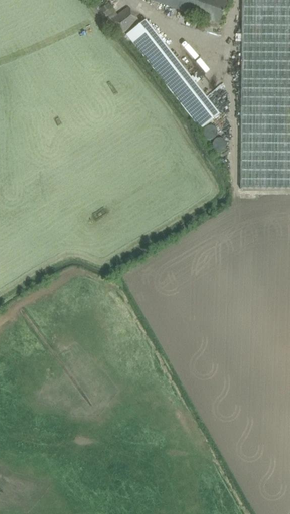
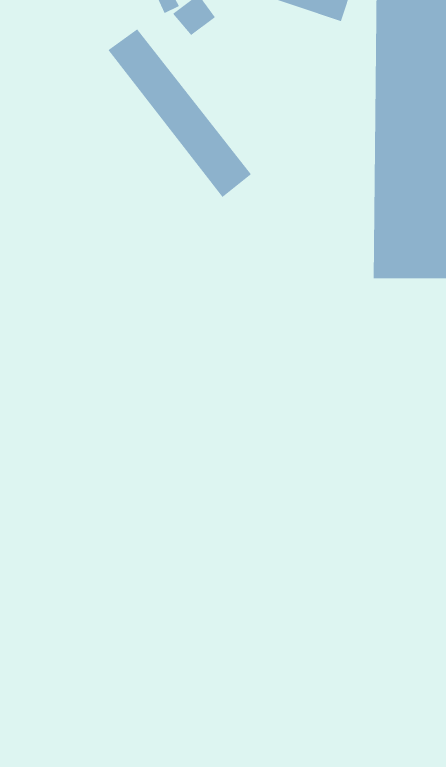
building: [126,18,219,126] -> [108,28,252,198]

